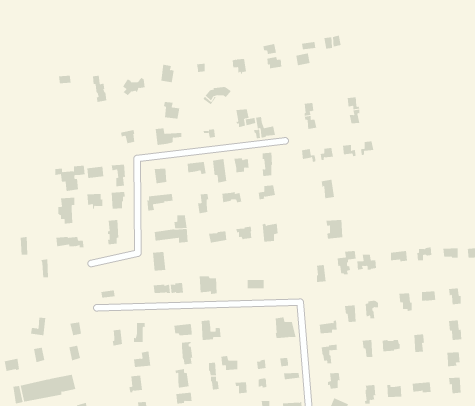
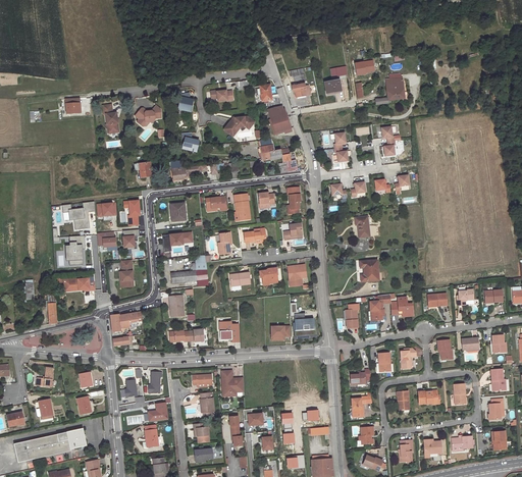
building: none -> [375,77,404,103]
building: none -> [268,105,292,132]
building: none -> [110,312,142,331]
building: [275,317,296,338] -> [294,312,317,335]

